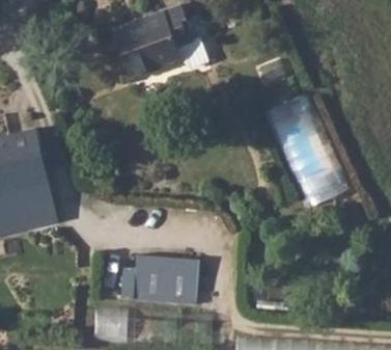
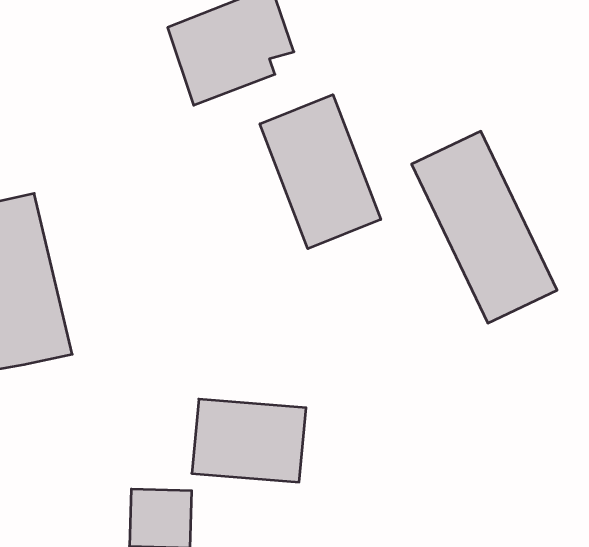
building: none -> [260,95,381,249]

